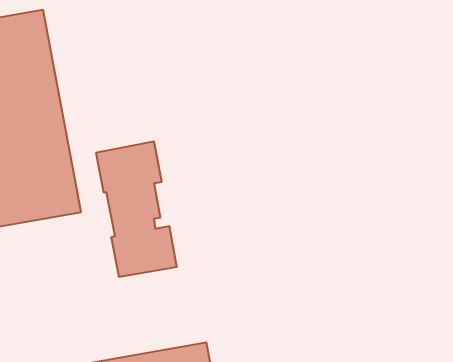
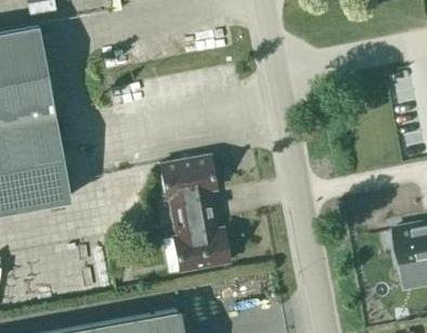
building: [96,141,177,277] -> [160,157,230,273]

